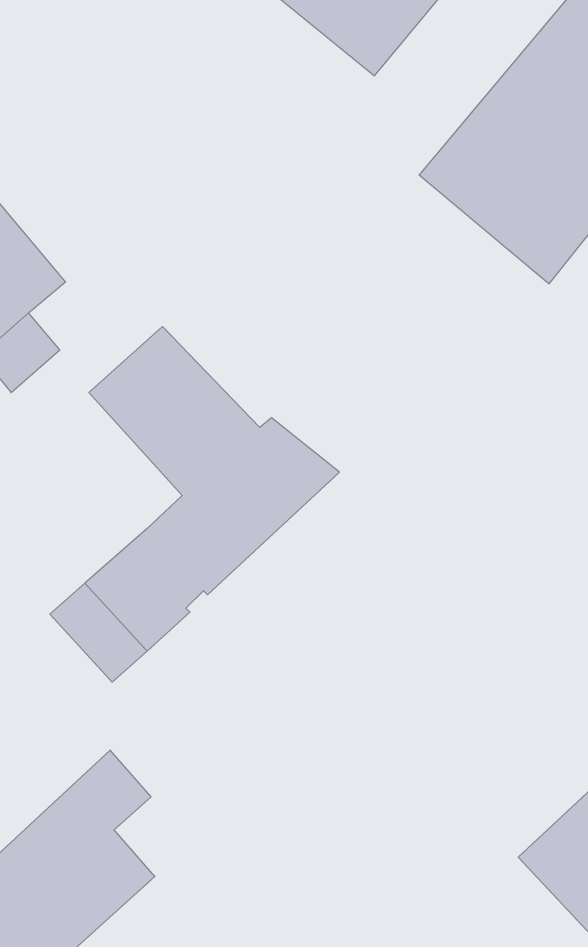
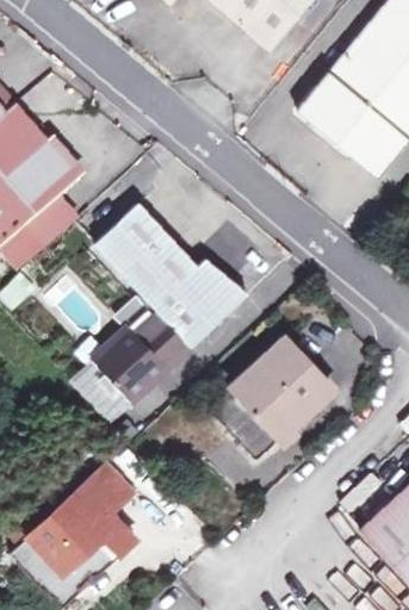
building: none -> [210,337,334,459]

